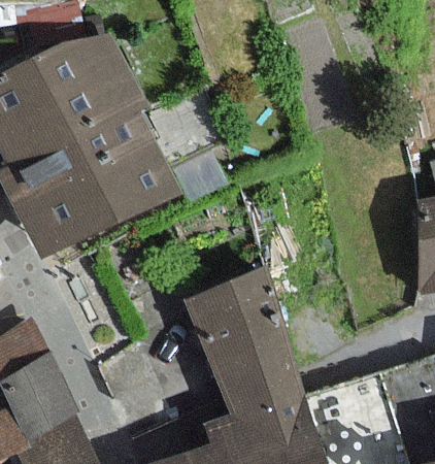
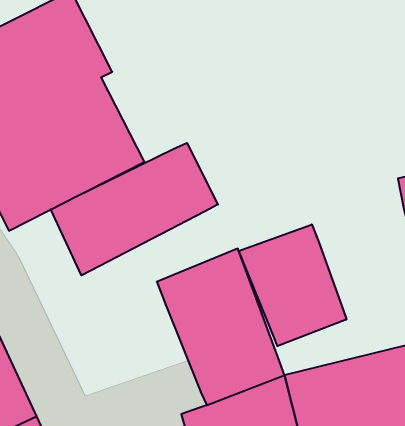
building: none -> [51,143,218,275]
building: none -> [239,224,346,346]

